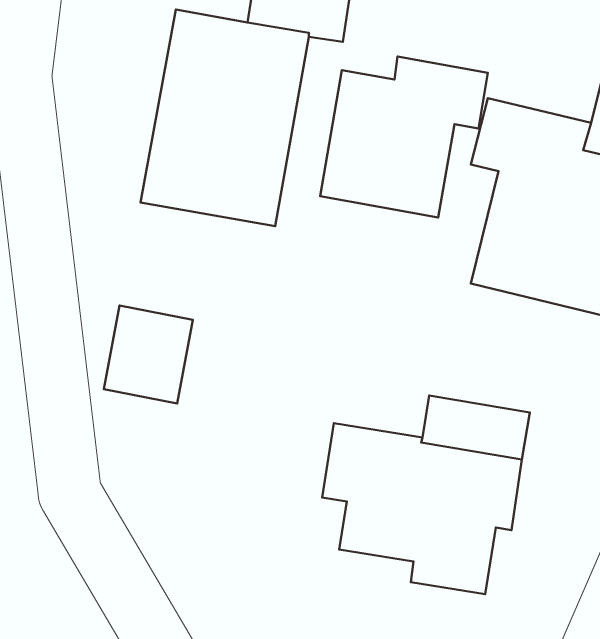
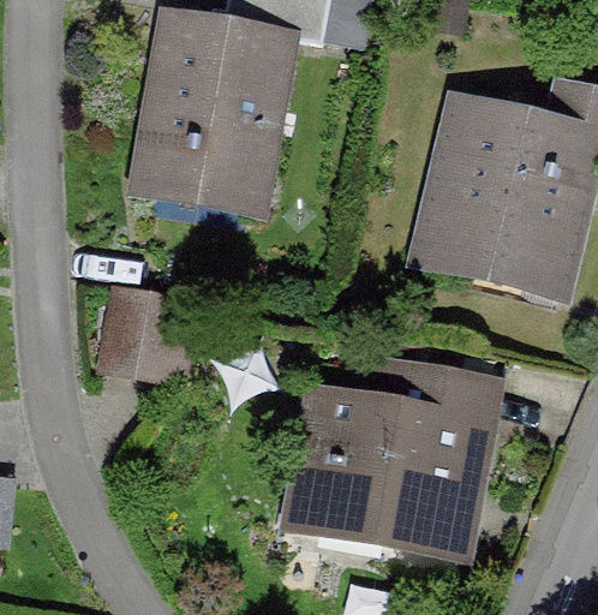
building: [320,56,488,217] -> none

